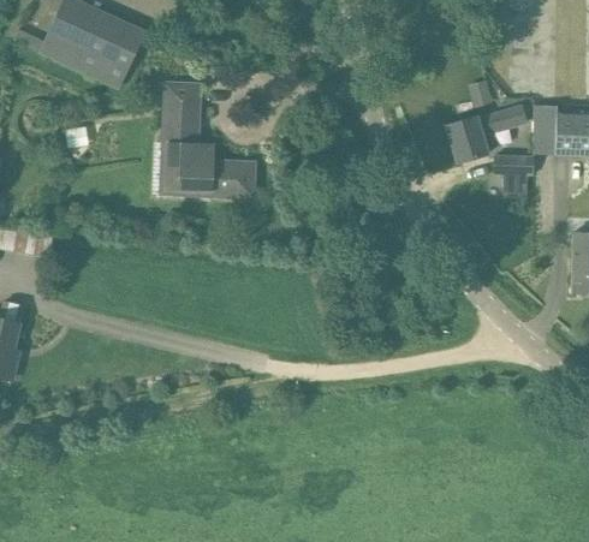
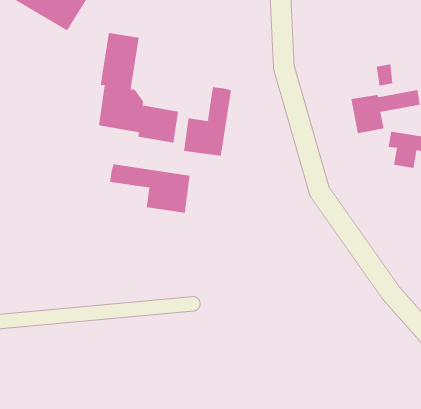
building: none -> [183,86,231,157]
building: none -> [110,163,190,213]

